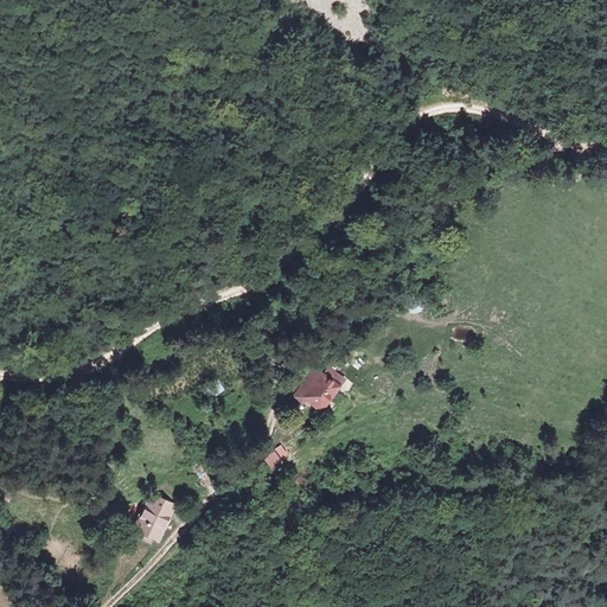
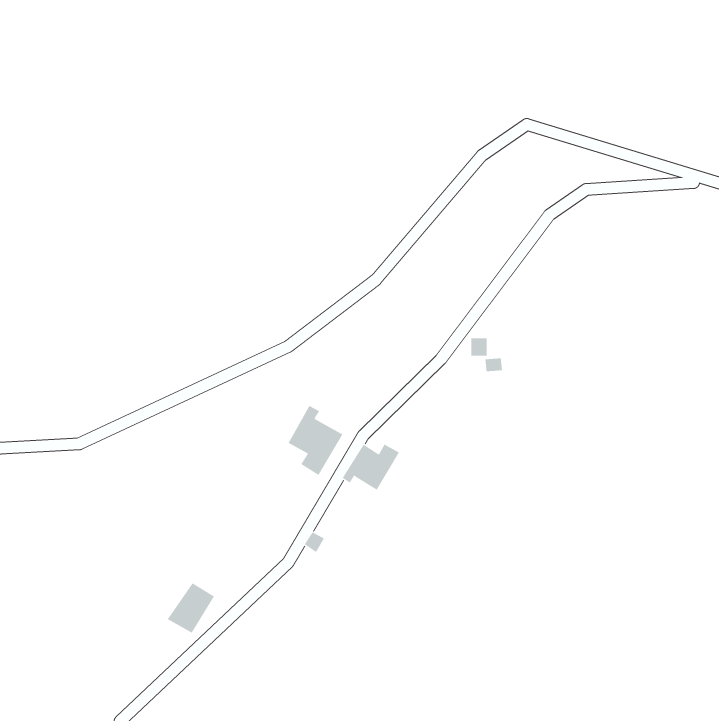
building: none -> [288,405,343,476]

